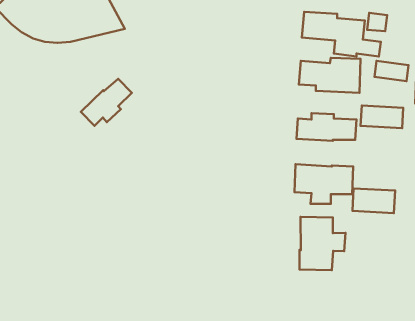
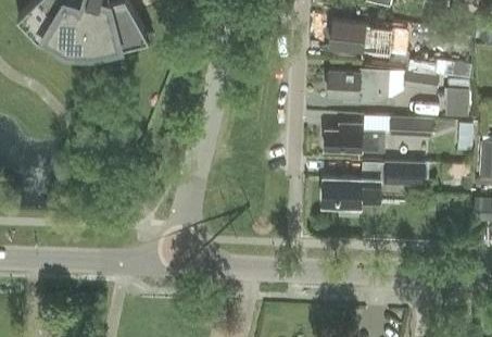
building: [81,79,132,126] -> none
building: [352,189,395,213] -> [382,161,426,186]
building: [299,217,345,270] -> none

